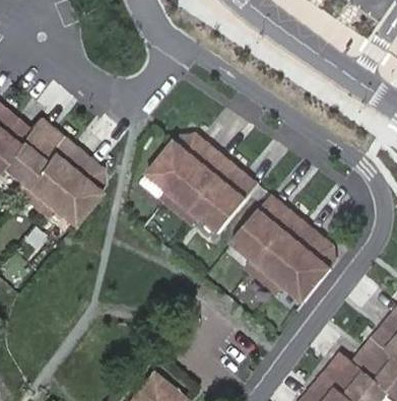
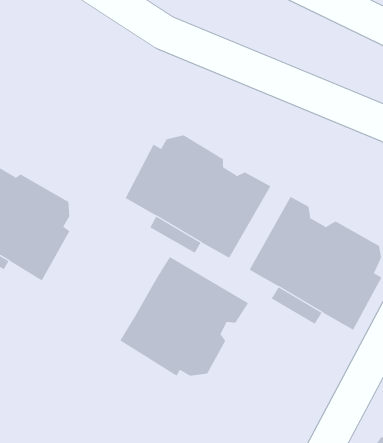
building: none -> [120,256,249,377]

